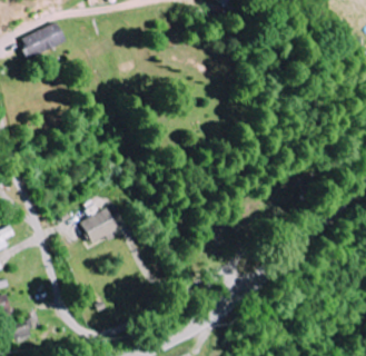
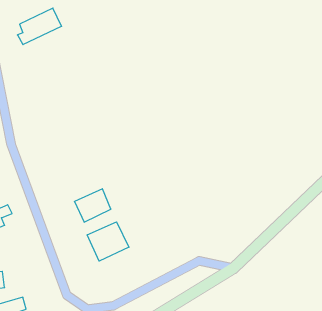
building: none -> [87,222,129,261]

